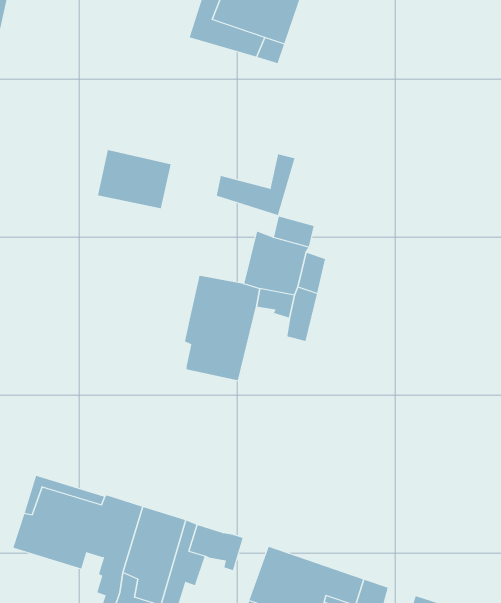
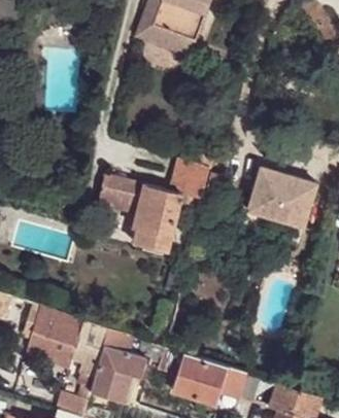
building: [97,149,171,209] -> [95,176,141,213]
building: [216,154,295,216] -> none
building: none -> [248,167,318,227]

